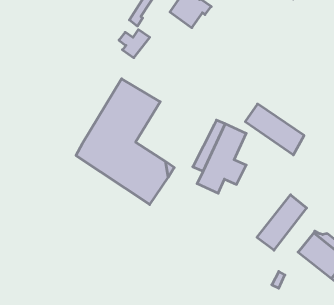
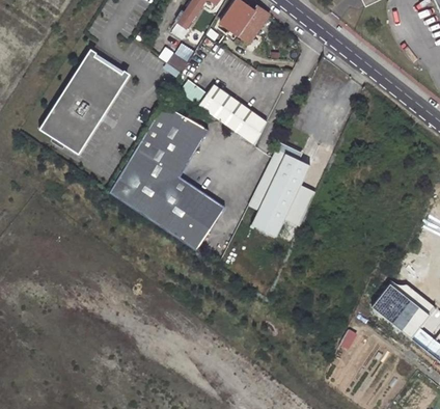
building: none -> [38,51,128,154]
building: [245,104,304,155] -> [197,85,267,145]
building: [257,195,307,250] -> none

